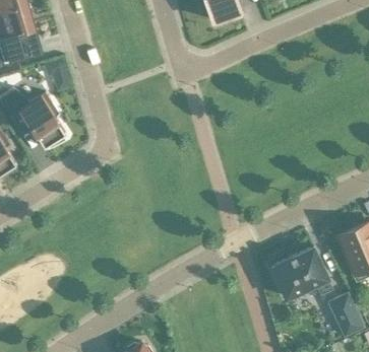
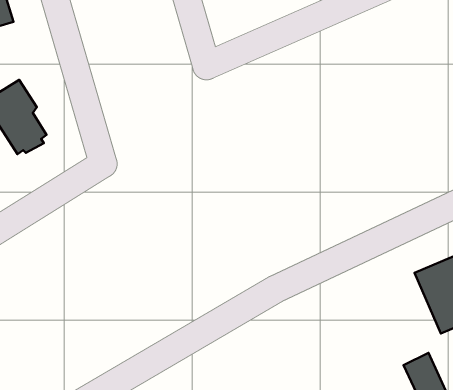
building: [271,245,332,297] -> none

